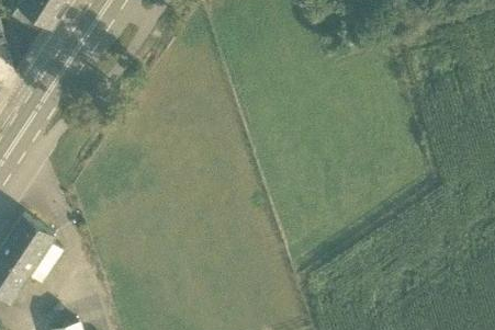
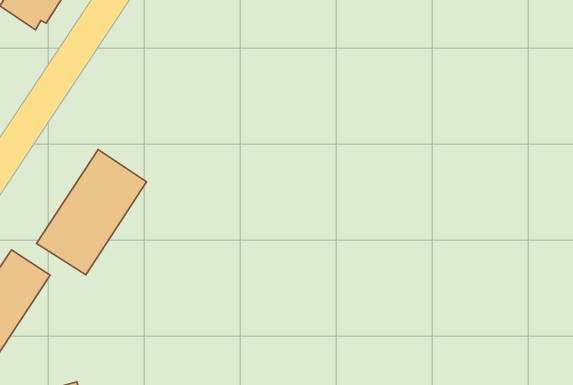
building: none -> [36,150,146,275]

